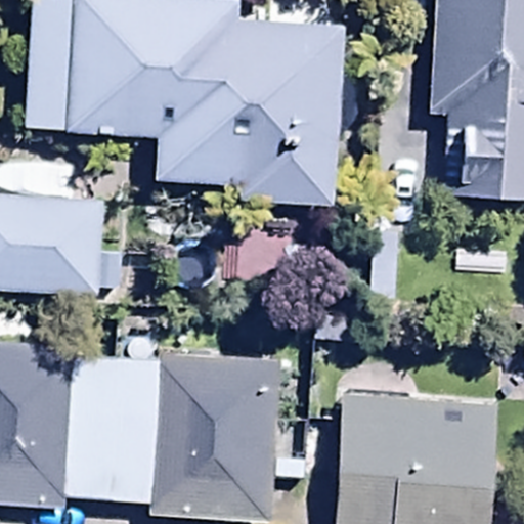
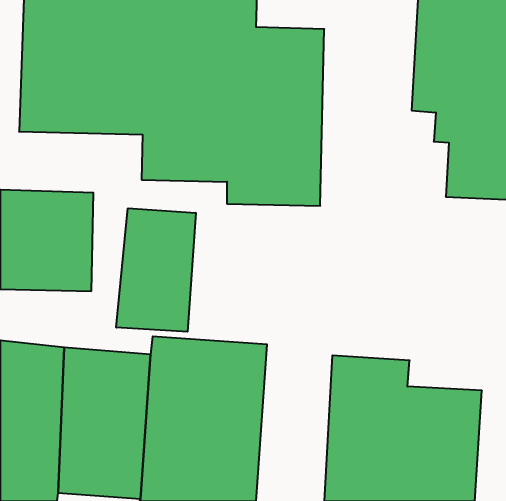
building: none -> [116,208,196,332]

